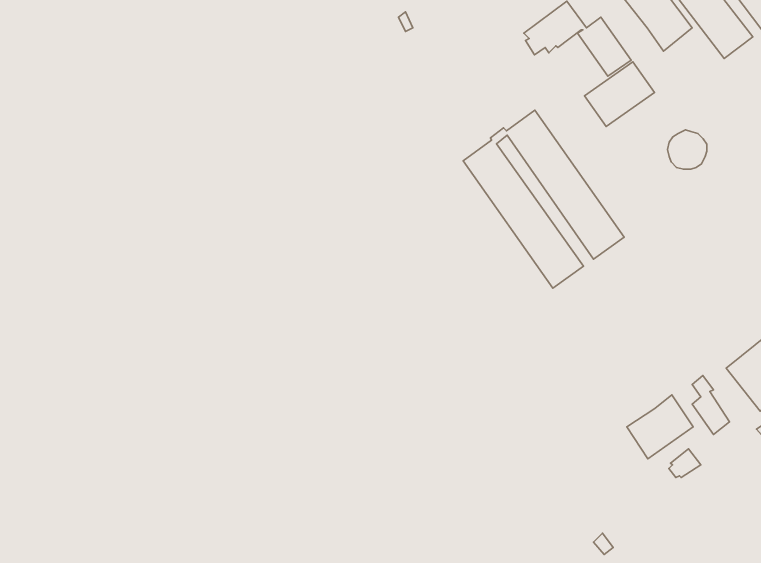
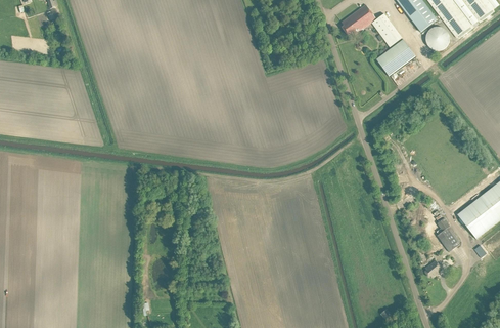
building: [463,110,624,288] -> none
building: [667,130,707,169] -> [426,26,449,48]
building: [627,395,693,459] -> none

